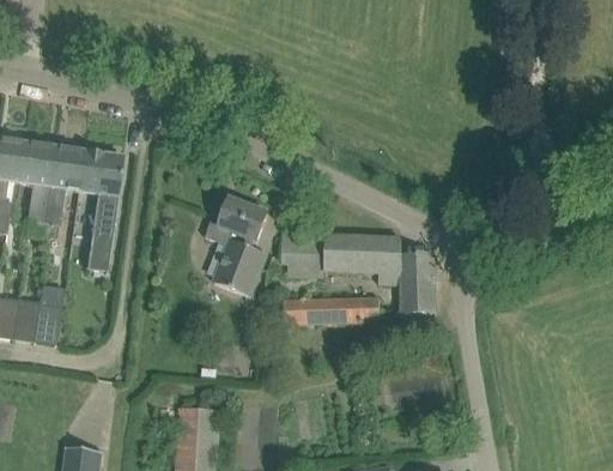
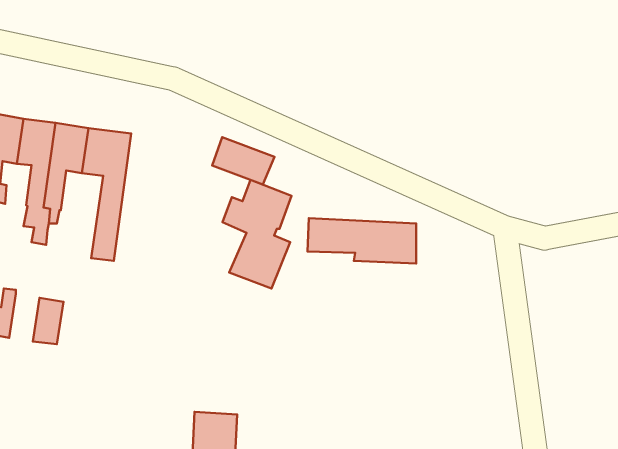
building: none -> [212,137,275,184]
building: [378,235,435,310] -> none
building: [283,295,380,322] -> none
building: [12,298,40,342] -> none

